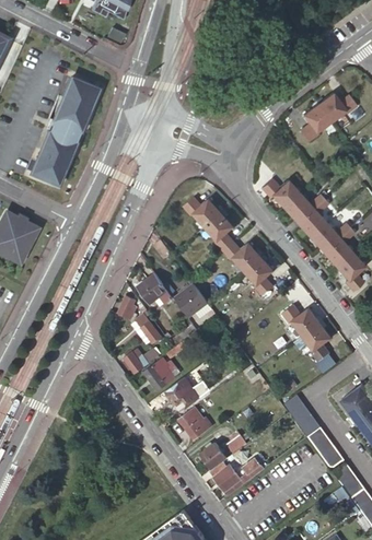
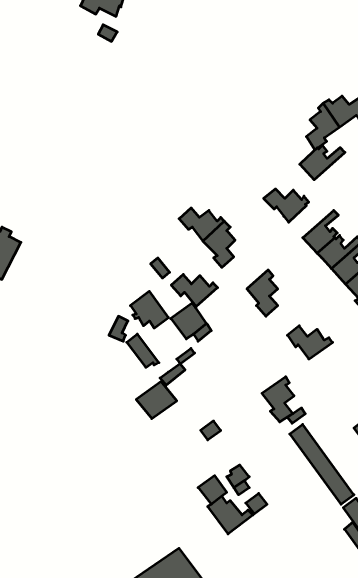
building: [31,78,97,185] -> none
building: [283,192,325,224] -> [300,145,345,180]
building: [222,242,265,271] -> [171,274,218,307]
building: [302,320,332,362] -> [262,377,294,422]
building: [124,349,160,374] -> none
building: [166,377,202,411] -> none
building: [179,407,210,441] -> none

